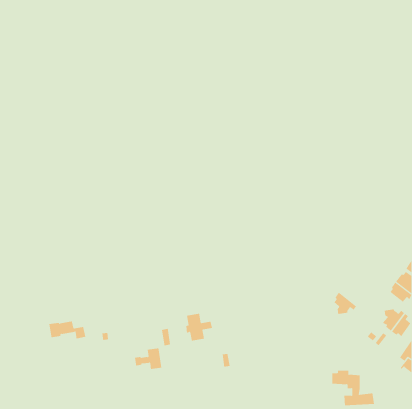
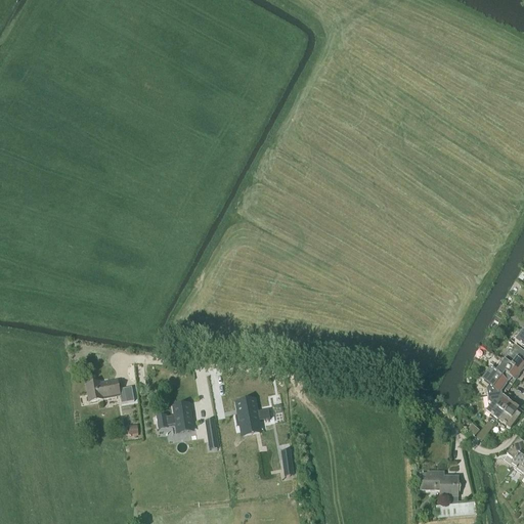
building: [334,292,357,314] -> [482,365,512,394]
building: [48,321,86,339] -> [86,378,134,401]
building: [134,348,162,370] -> [157,402,192,430]

